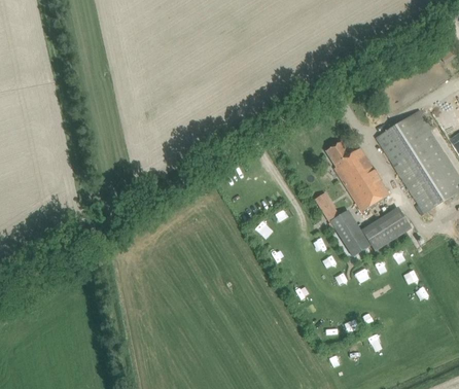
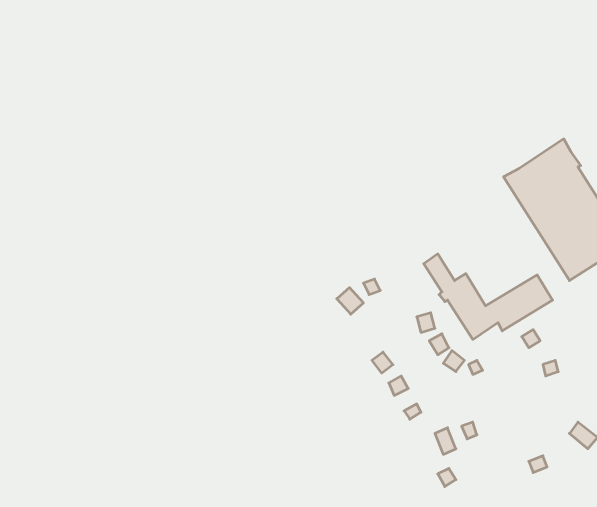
building: [325,140,388,211] -> none

